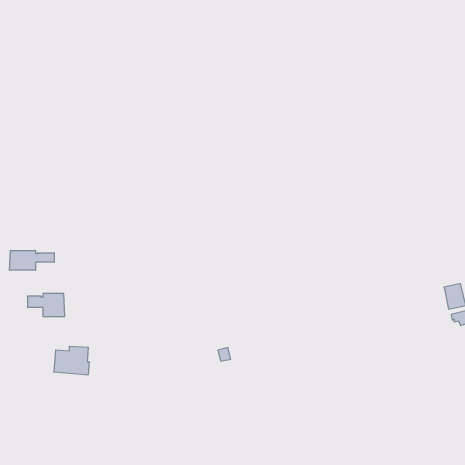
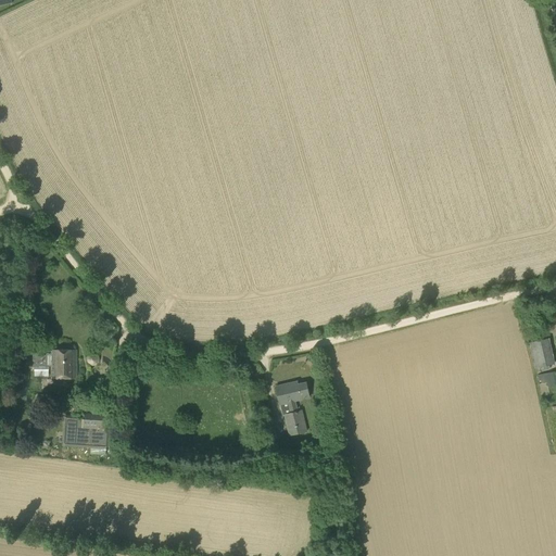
building: [9,250,54,270] -> none
building: none -> [277,382,309,435]

